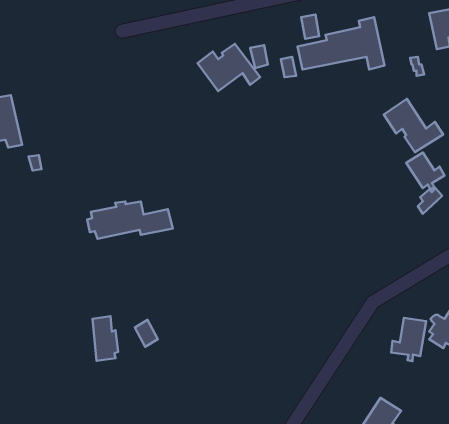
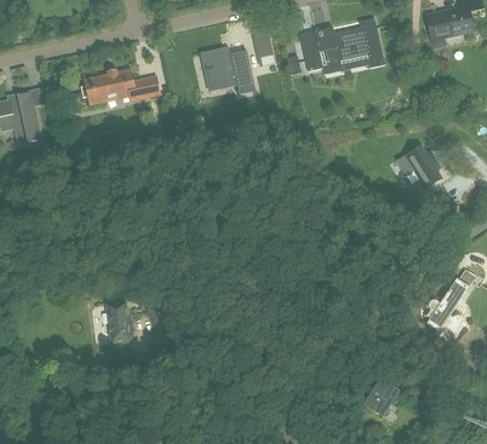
building: [384,99,443,152] -> none
building: [87,202,173,239] -> [79,68,160,103]
building: [391,318,426,361] -> none

